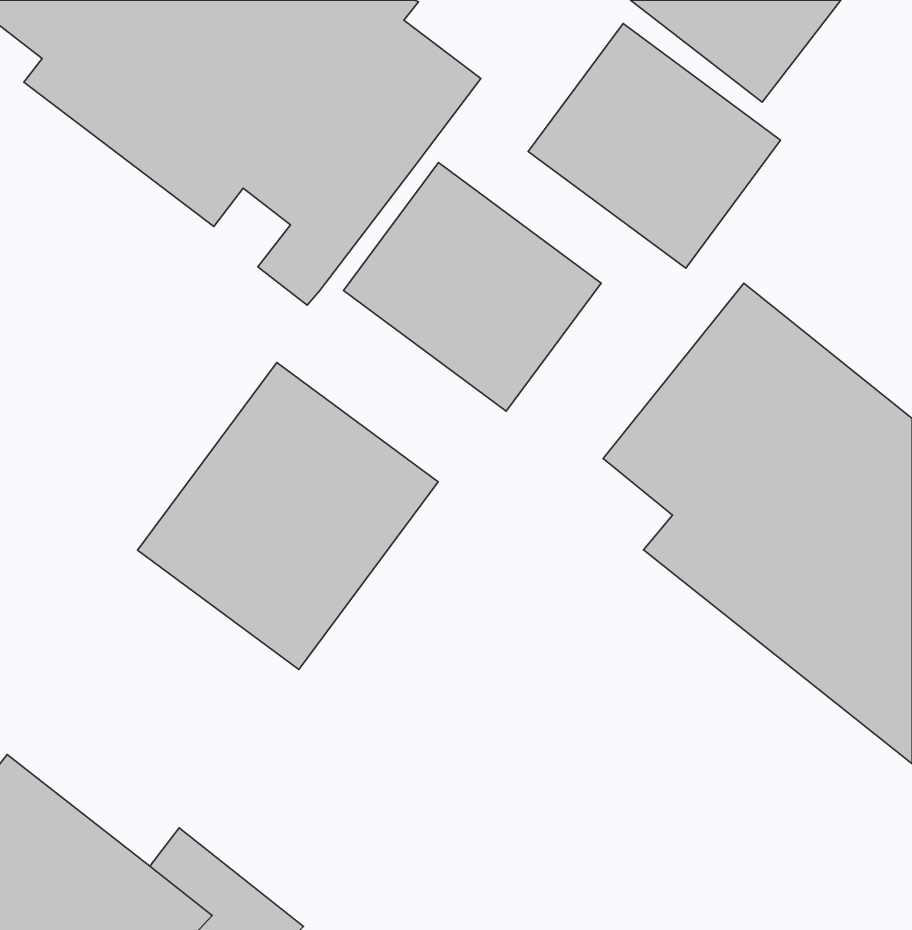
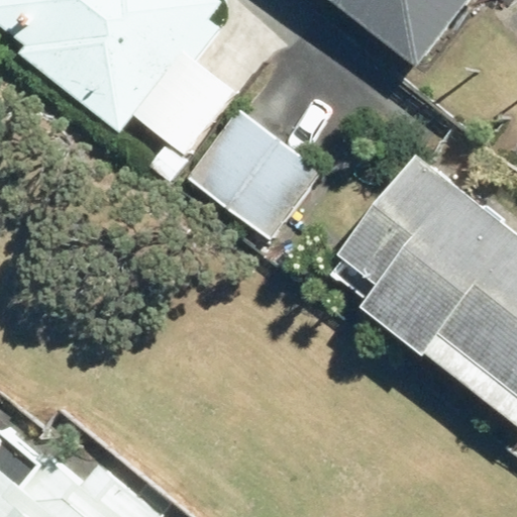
building: [528,23,781,268] -> none
building: [138,362,438,669] -> none

